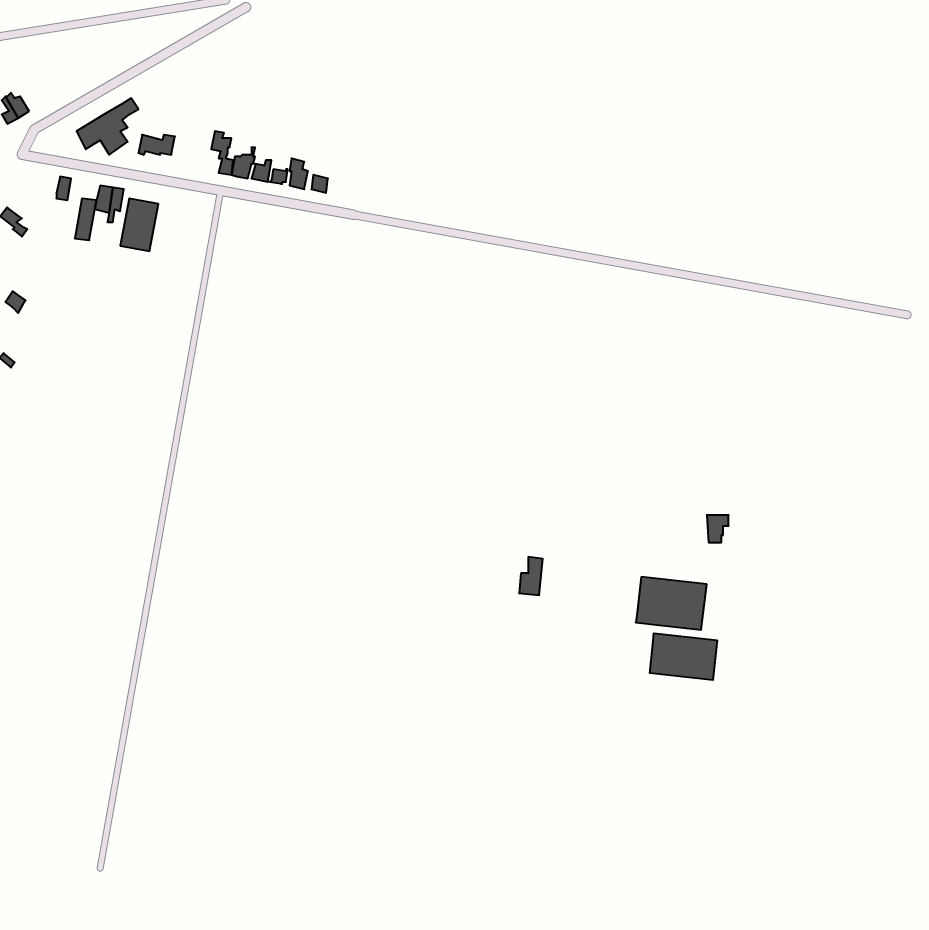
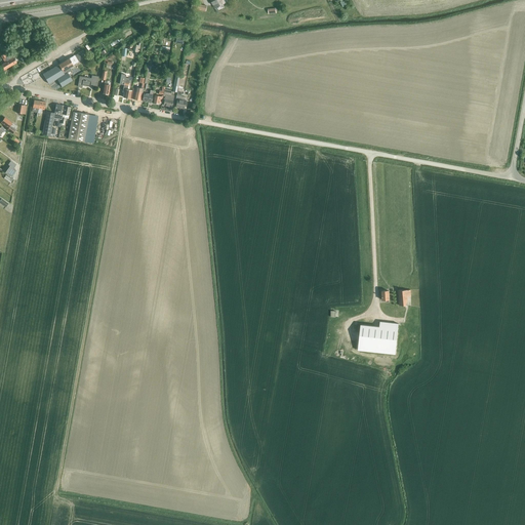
building: [650,633,717,680] -> none

